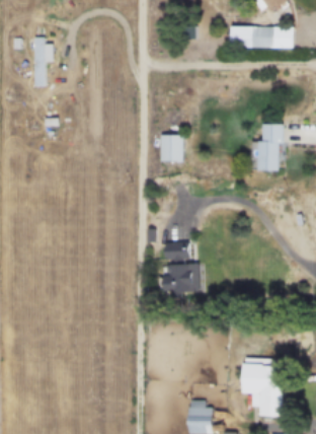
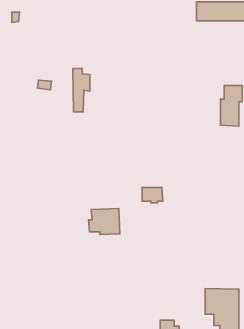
building: [34,38,55,88] -> [73,69,90,112]
building: [162,136,183,162] -> none
building: [165,265,202,295] -> [89,209,120,235]

